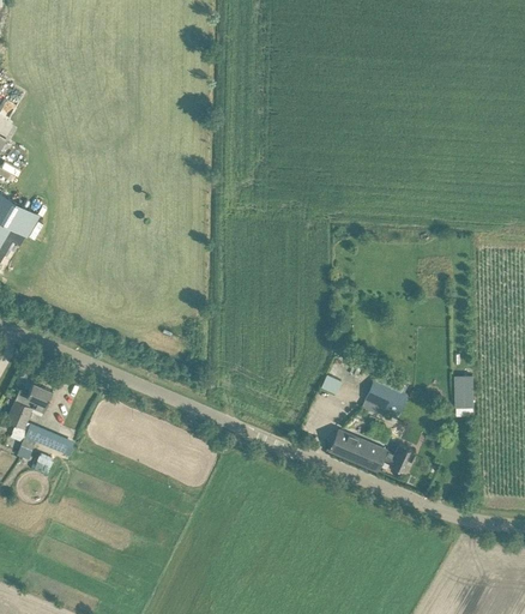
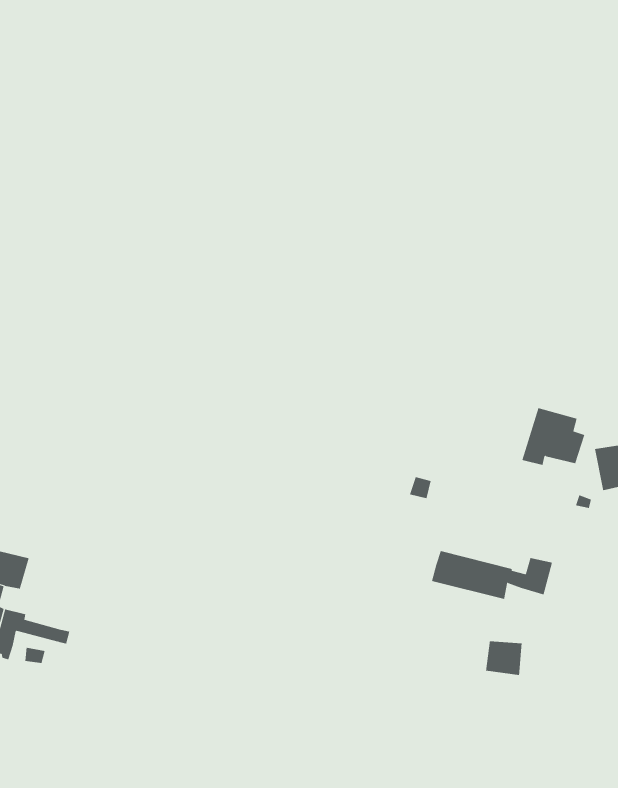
building: [361,372,408,415] -> [522,407,585,465]
building: none -> [486,640,522,676]

